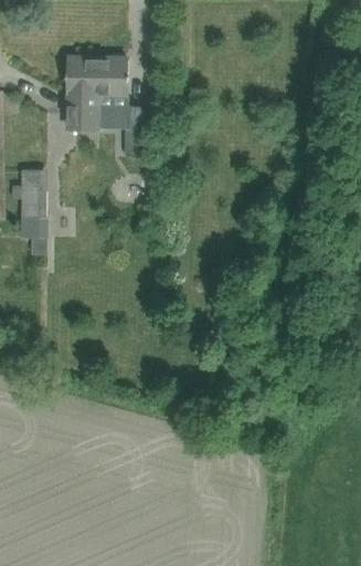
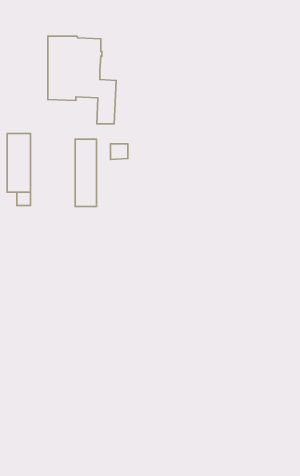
building: none -> [75,139,96,207]

